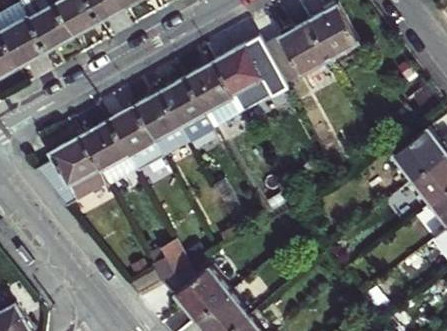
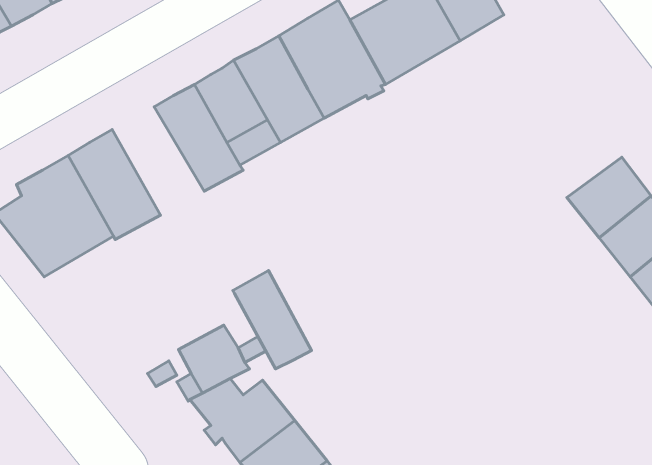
building: [111,100,168,167] -> none
building: none -> [233,270,311,369]

